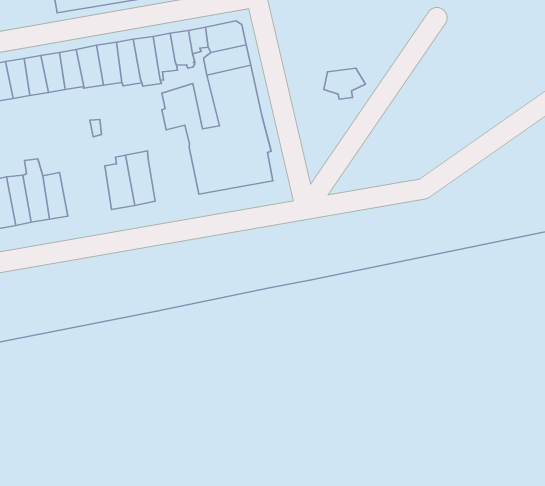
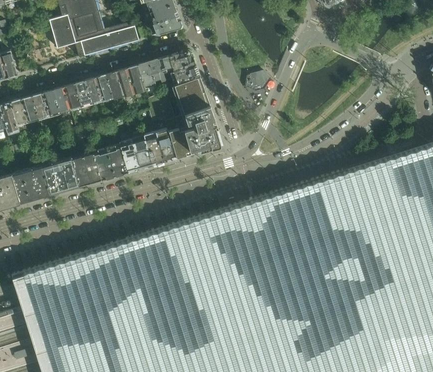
building: none -> [143,129,177,166]
building: none -> [92,145,125,181]

